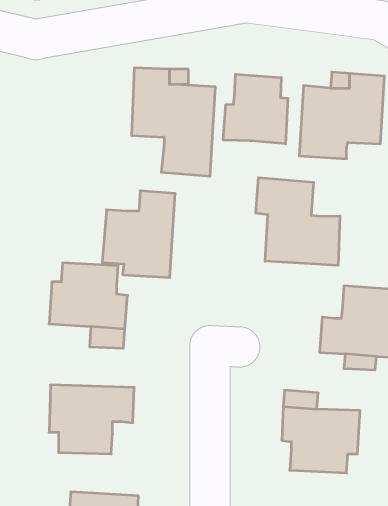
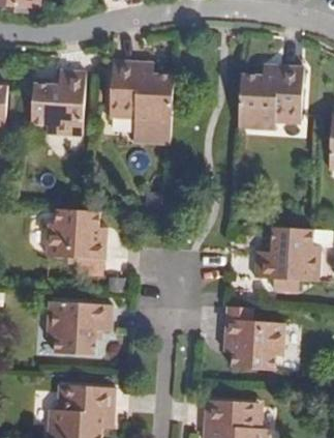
building: [223,74,288,144] -> none
building: [256,178,340,265] -> none
building: [102,191,175,277] -> [31,69,87,136]

